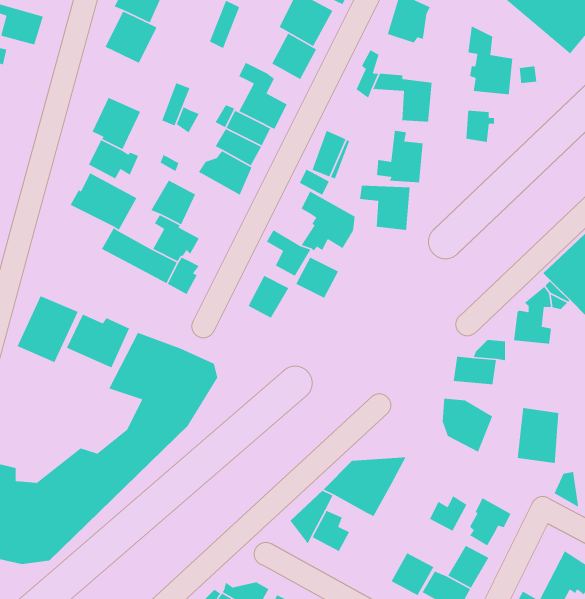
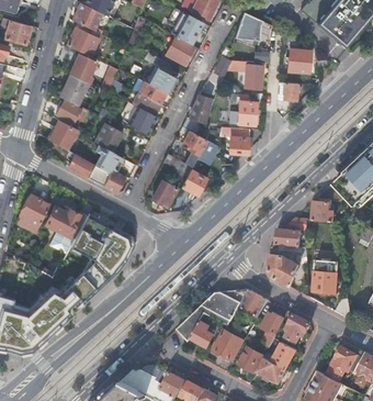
building: none -> [69,55,97,85]
building: none -> [239,290,268,318]
building: none -> [213,330,245,361]

